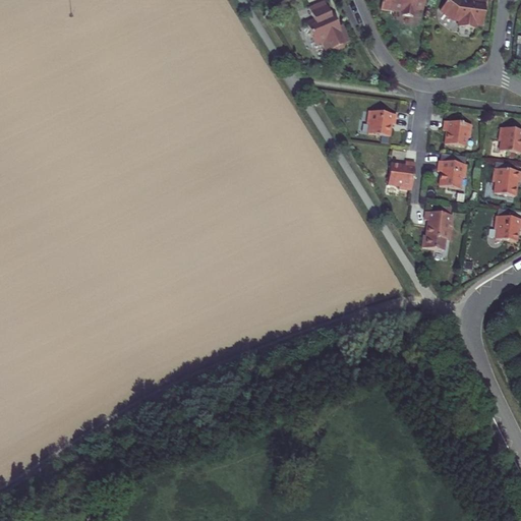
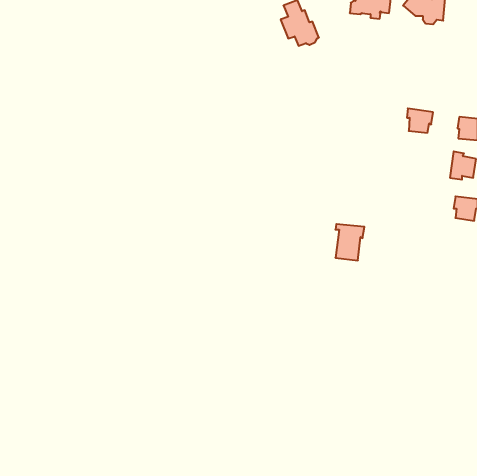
building: [368,109,397,134] -> none
building: [439,160,468,188] -> none
building: [388,161,415,189] -> none
building: [423,211,455,250] -> [335,224,364,260]

